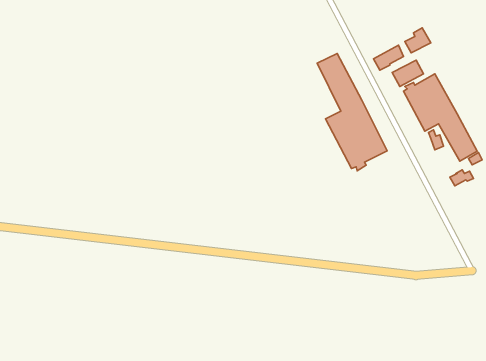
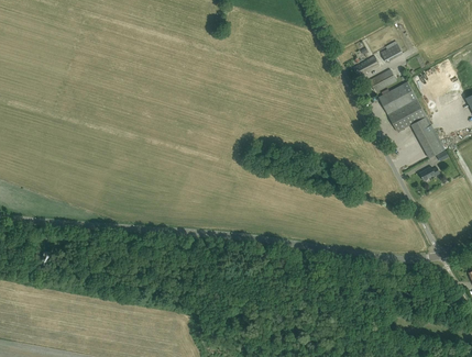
building: [317,54,387,171] -> none

